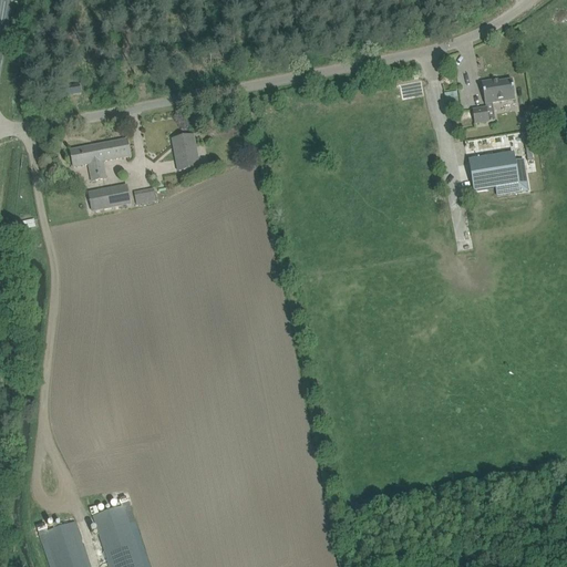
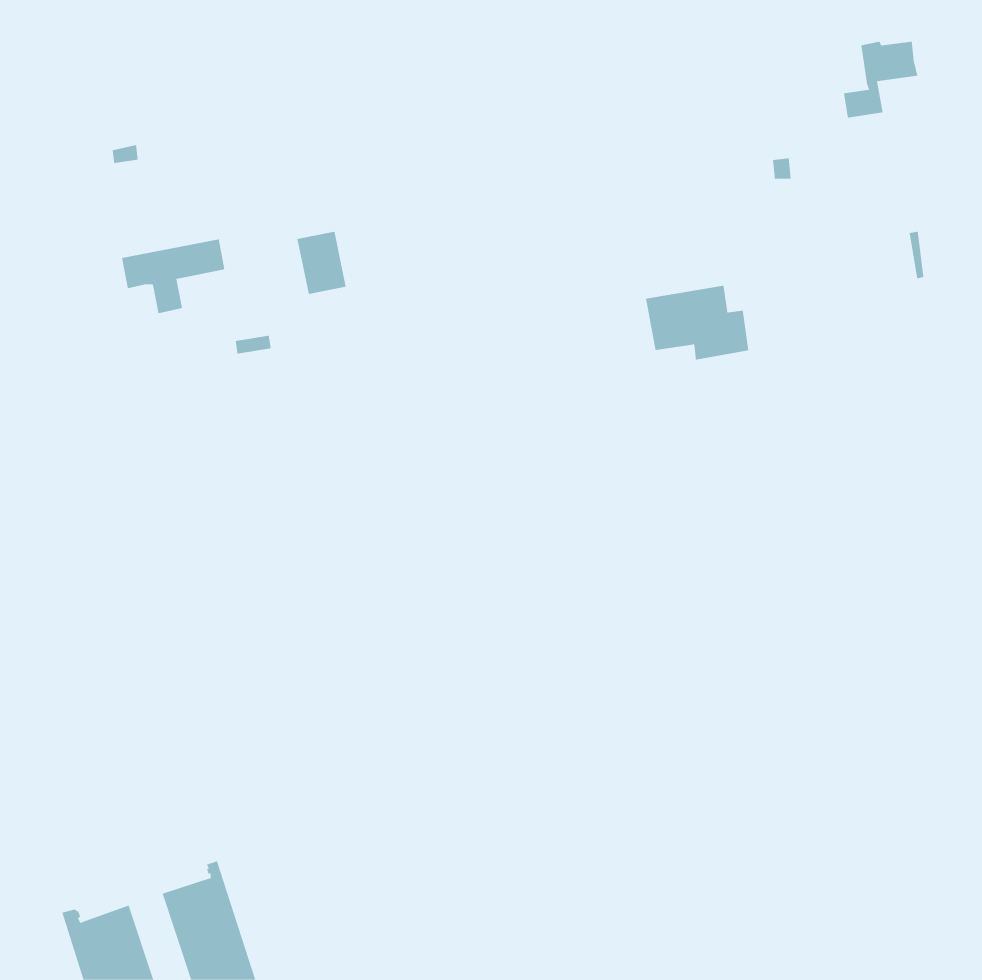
building: [471,79,514,123] -> [843,41,918,118]
building: [467,152,527,195] -> [645,285,749,360]
building: [99,183,130,208] -> none

